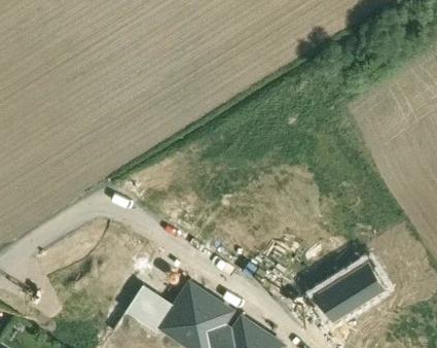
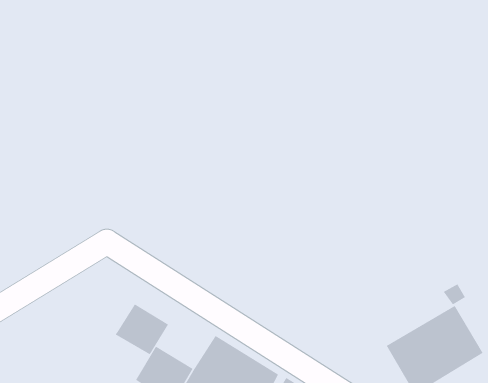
building: none -> [115,304,169,355]

